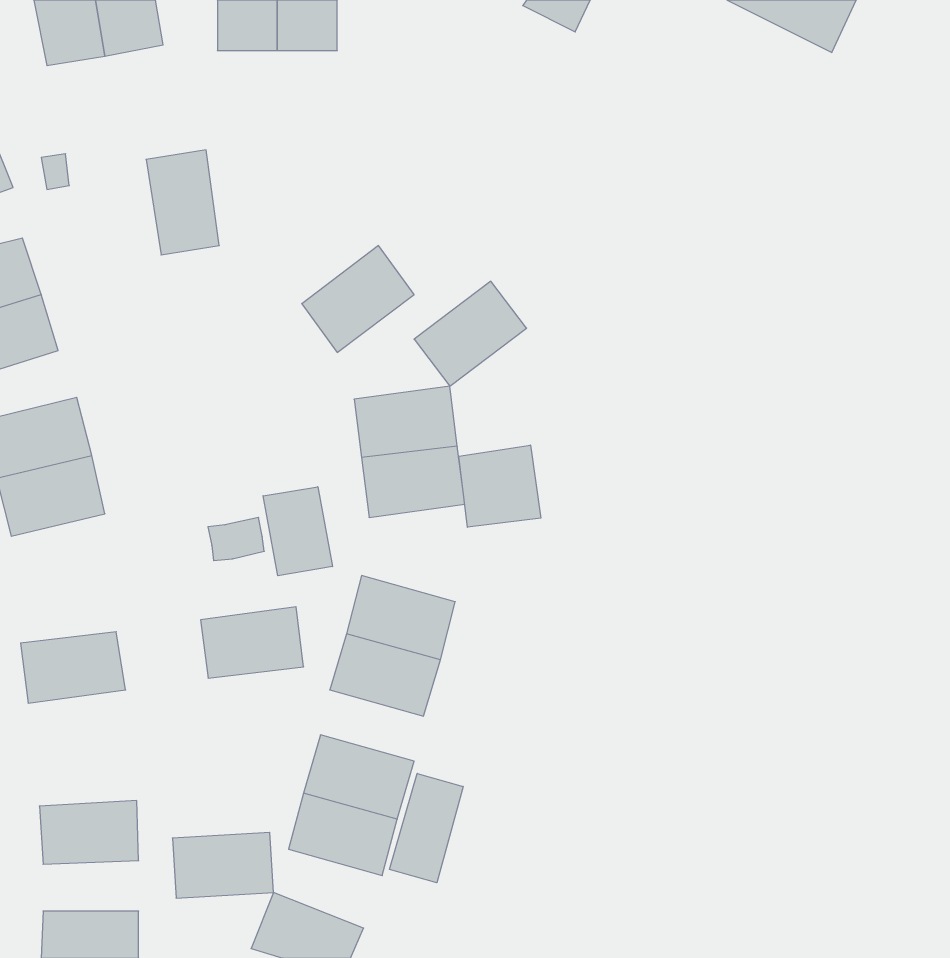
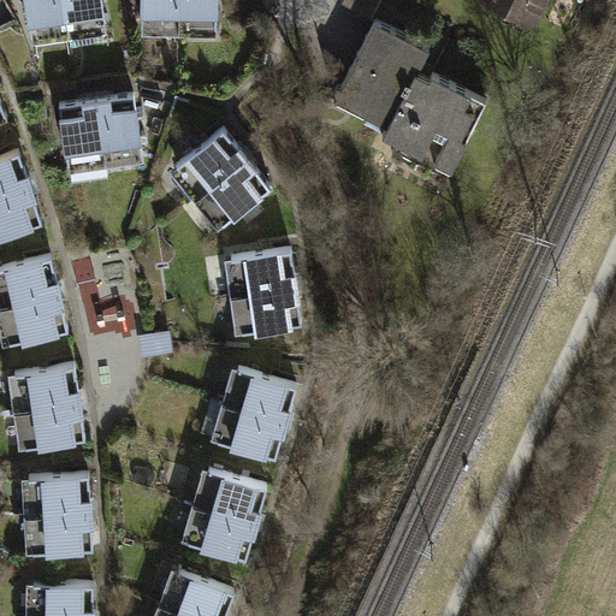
building: none -> [332,24,486,178]
building: none -> [57,102,103,168]
building: [414,281,527,386] -> [171,128,243,195]
building: [459,445,541,527] -> none
building: [263,487,332,576] -> none
building: [201,607,304,678] -> [8,367,75,413]
building: [389,773,463,883] -> none
building: [172,832,274,898] -> [23,475,88,517]

